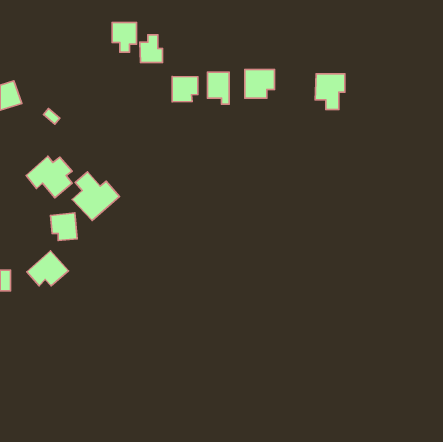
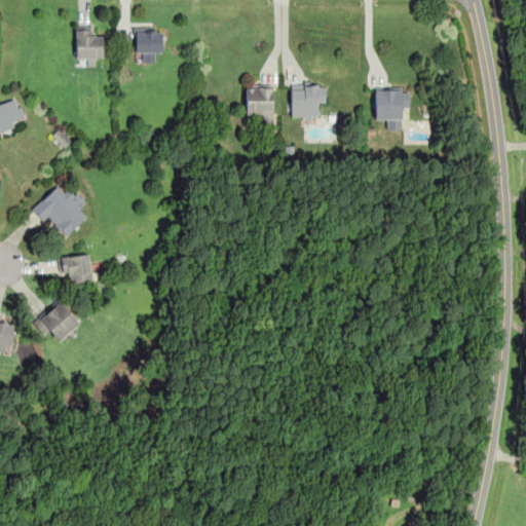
building: none -> [75,30,103,67]
building: [140,35,162,63] -> none
building: [172,77,198,102] -> none
building: [72,172,119,220] -> none

